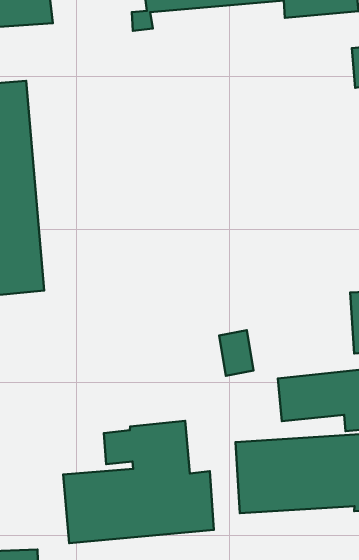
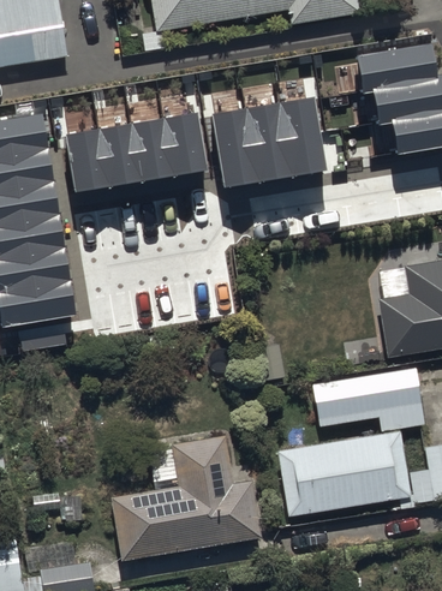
building: none -> [213,98,327,189]
building: none -> [66,114,207,193]

